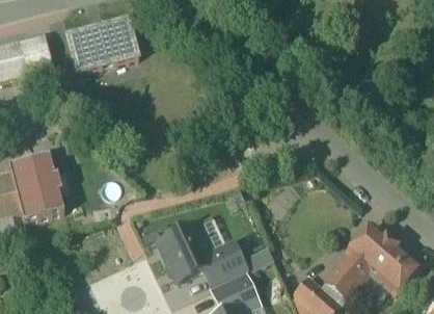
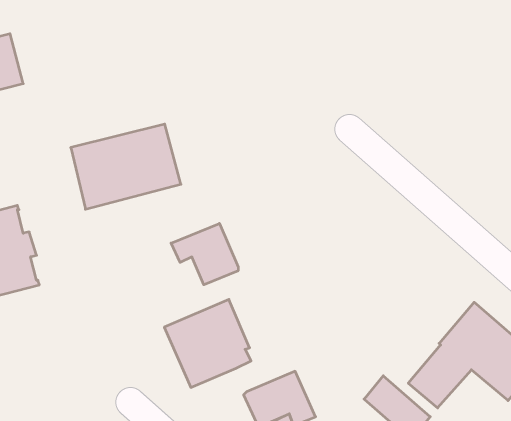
building: [66,17,144,77] -> [71,124,181,209]
building: none -> [171,223,238,285]
building: [205,244,248,286] -> none

